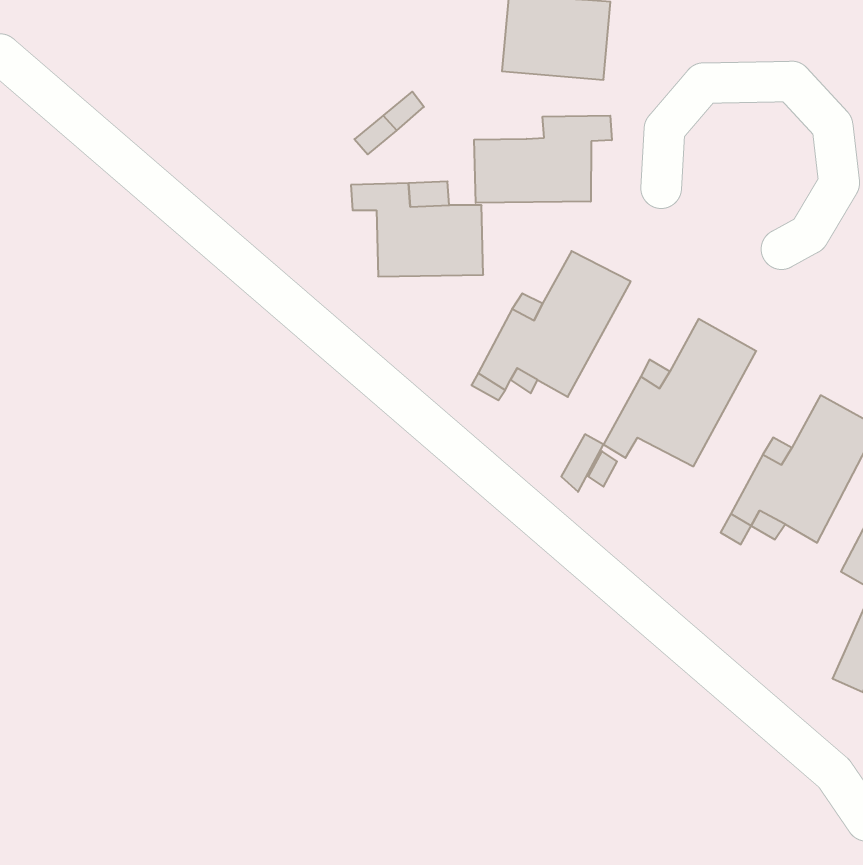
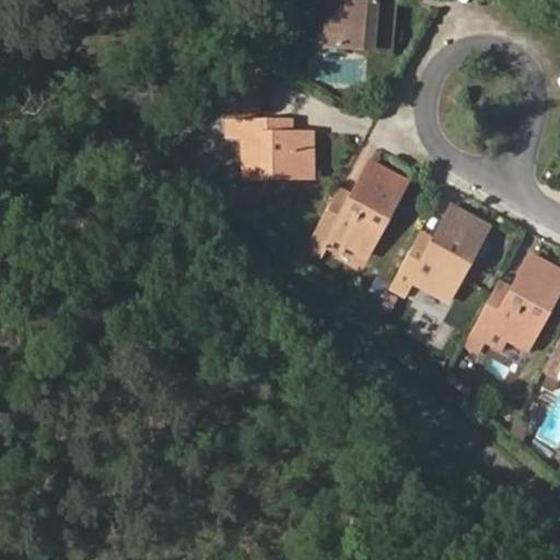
building: [474,116,612,203] -> none

